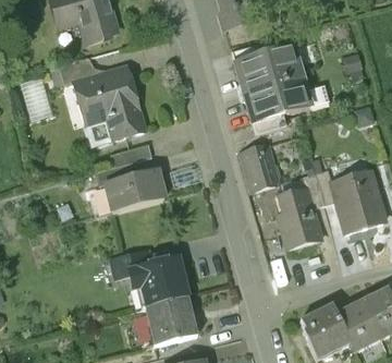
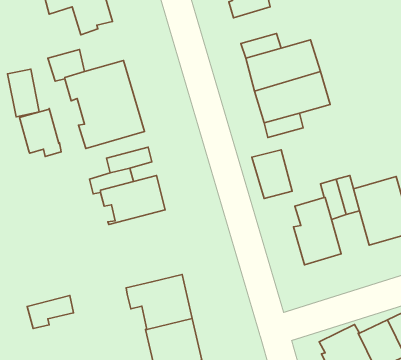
building: none -> [20,109,61,156]
building: [110,250,151,279] -> [27,296,74,329]

